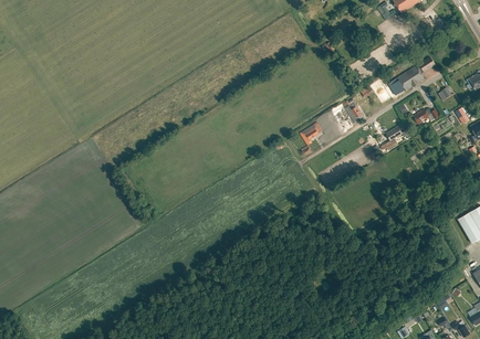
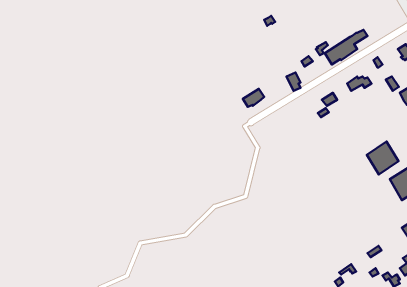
building: none -> [367,142,399,174]

